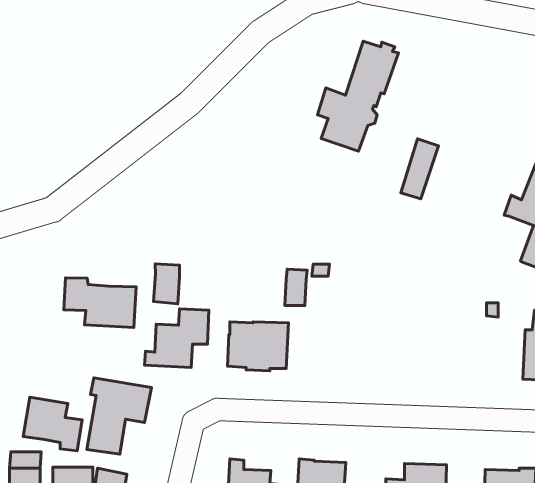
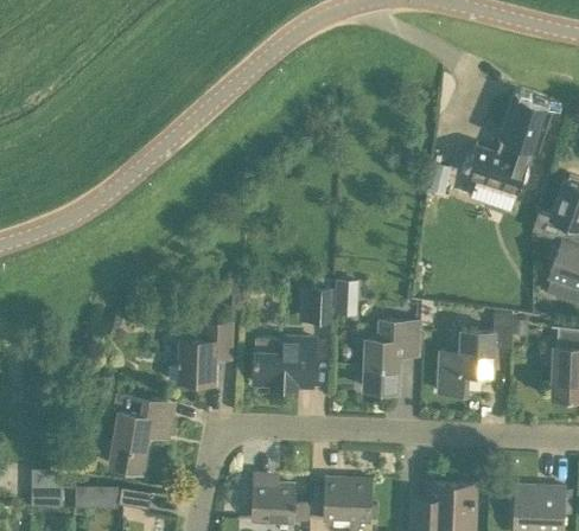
building: [317,41,398,151] -> [469,100,551,211]
building: [154,264,179,304] -> none
building: [64,278,136,327] -> none
building: none -> [438,313,513,394]
building: none -> [364,320,420,390]
building: [23,397,82,451] -> none

